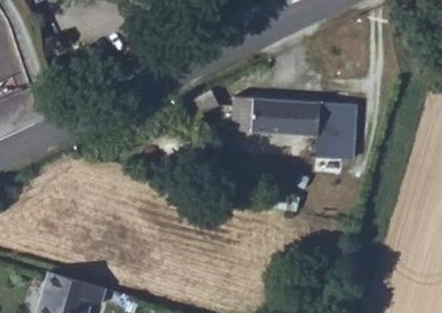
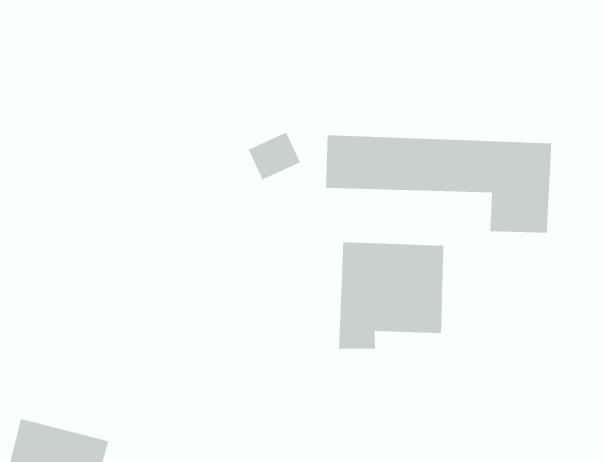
building: none -> [339,242,444,350]

